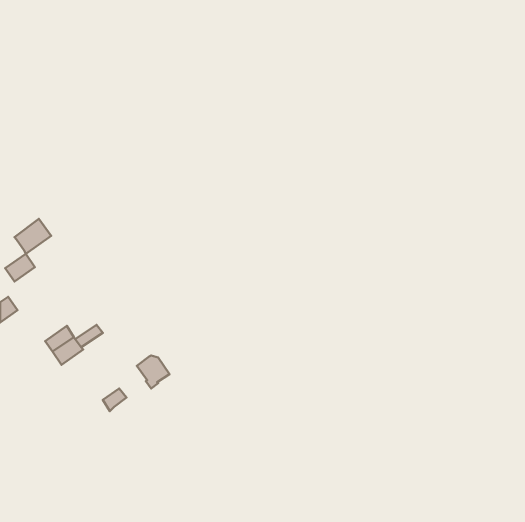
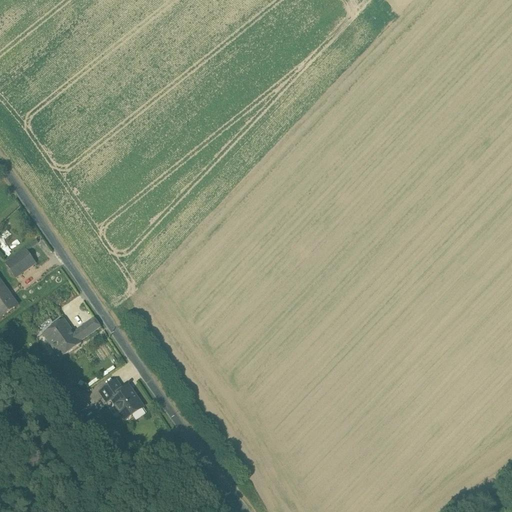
building: [15,219,51,254] -> none
building: [137,356,170,388] -> [111,386,143,418]

